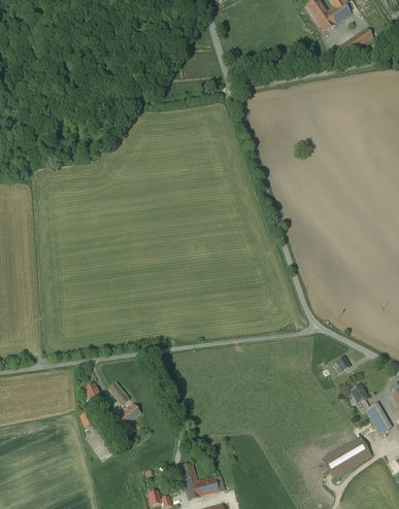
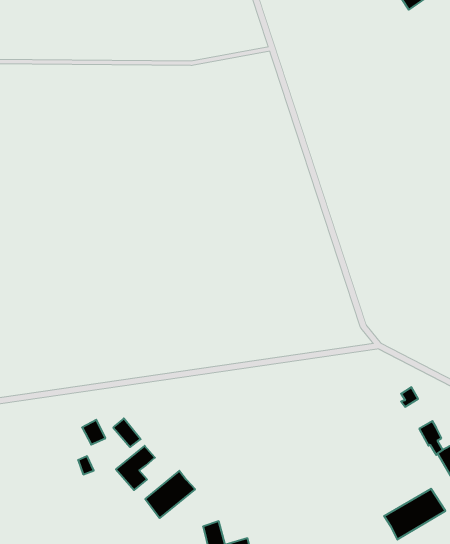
building: none -> [145,471,195,518]

